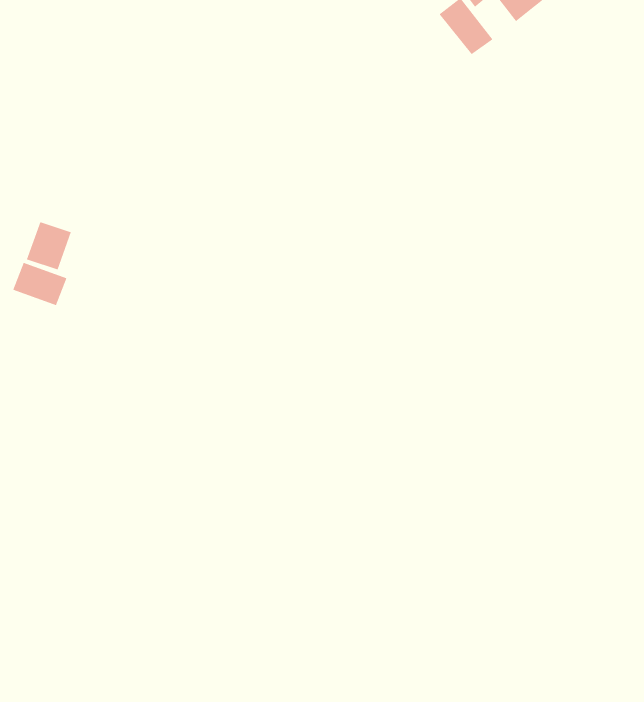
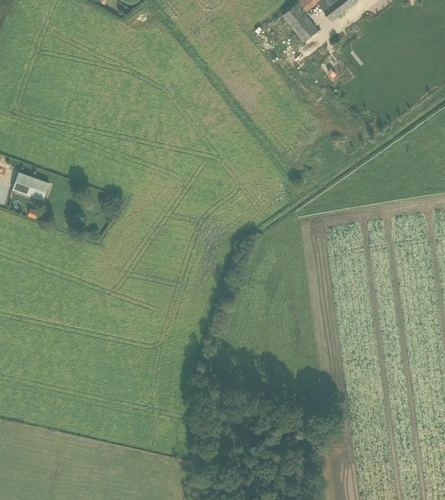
building: [26,221,72,271] -> none

